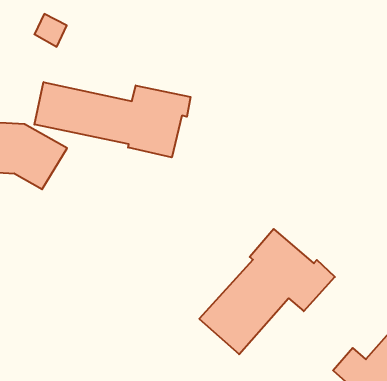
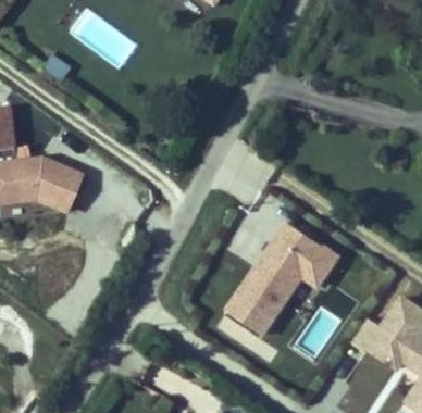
building: [34,82,191,157] -> none

